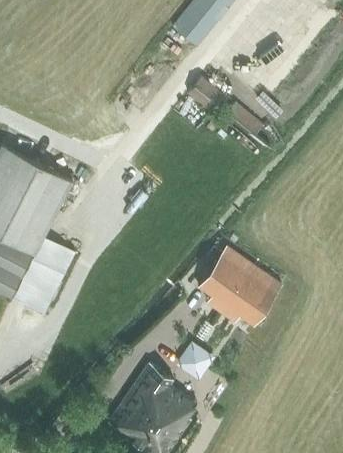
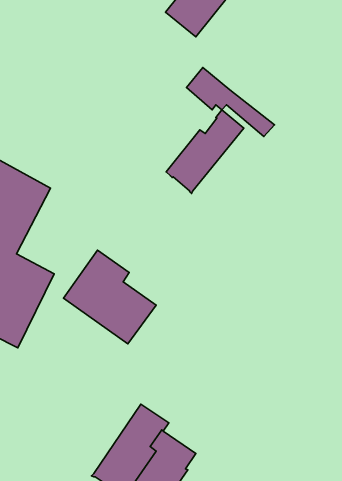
building: none -> [166,110,244,193]
building: [198,245,277,325] -> [63,250,156,344]
building: [177,345,210,378] -> none

